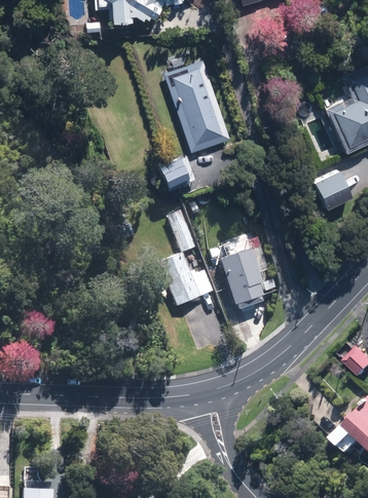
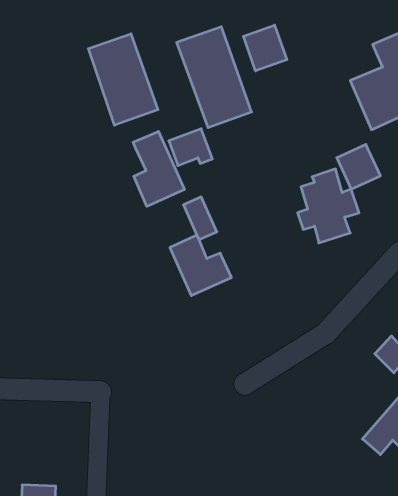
building: none -> [243,25,287,71]
building: none -> [88,34,158,125]
building: none -> [133,131,184,206]
building: [216,241,272,309] -> [298,169,359,243]

